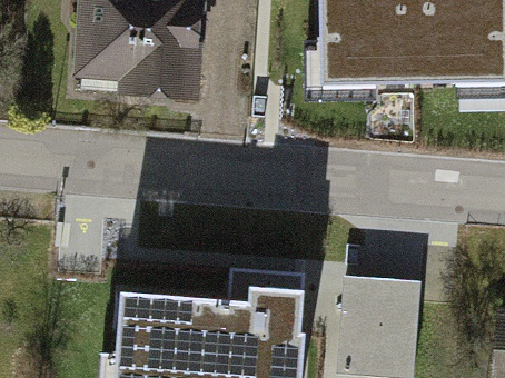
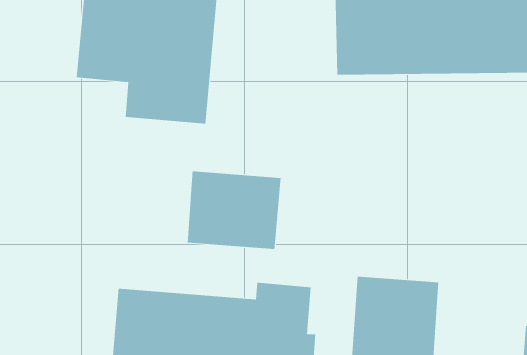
building: none -> [187,171,281,250]

